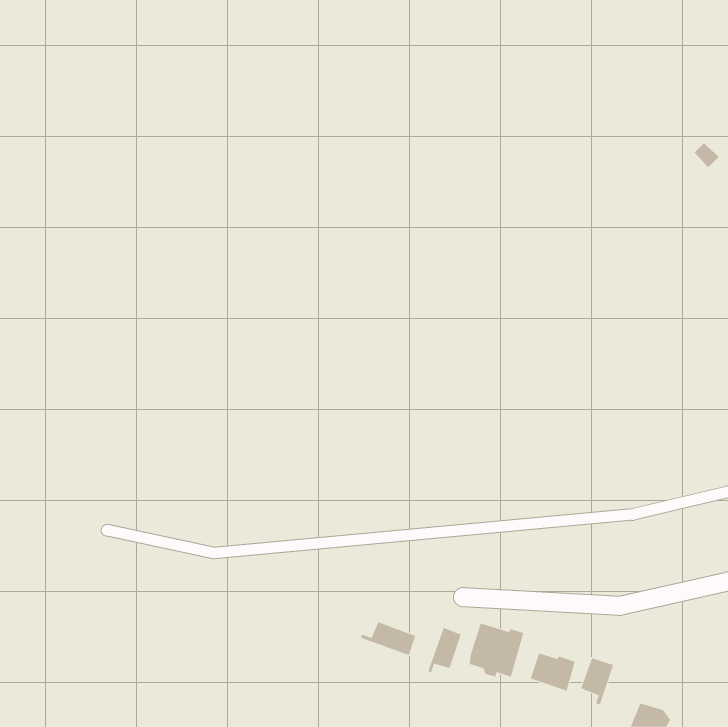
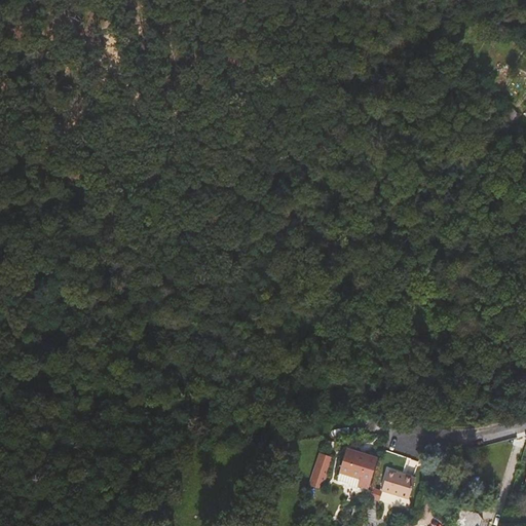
building: [360,621,416,656] -> none
building: [580,658,614,705] -> none

